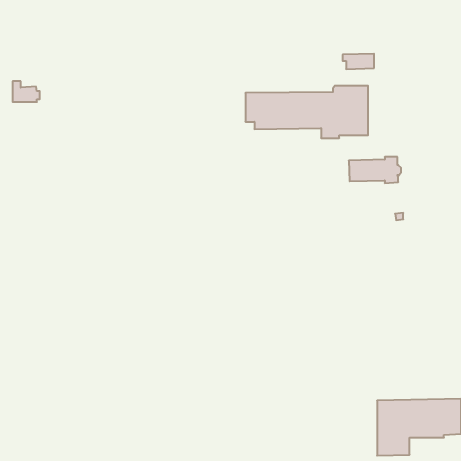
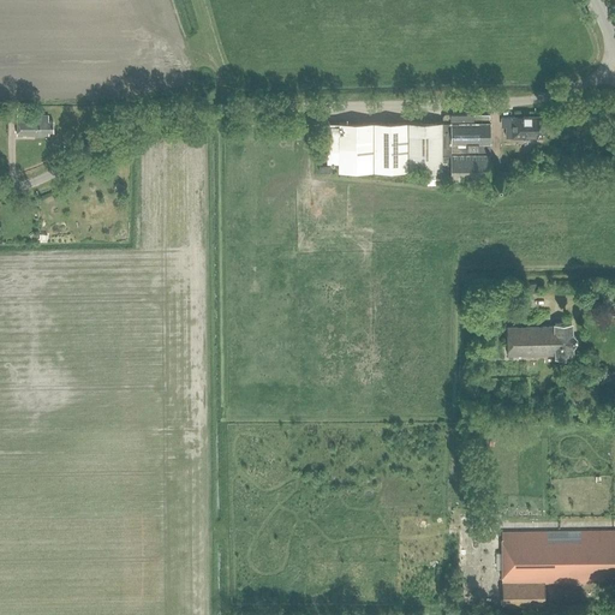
building: [343,54,374,69] -> [501,118,543,138]
building: [349,157,401,183] -> [507,323,577,358]

